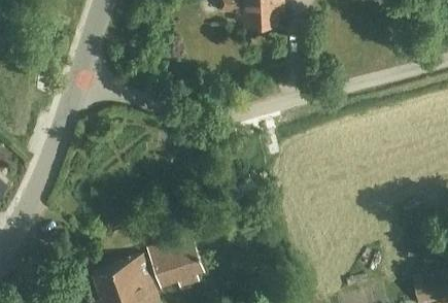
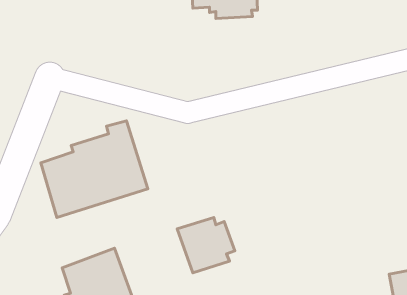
building: none -> [41,121,148,218]
building: [148,239,205,294] -> [177,217,235,273]

